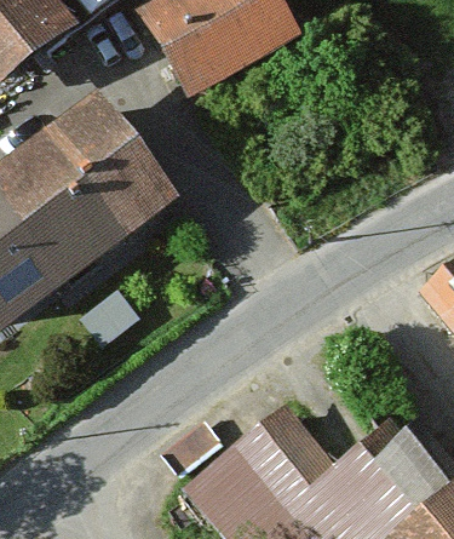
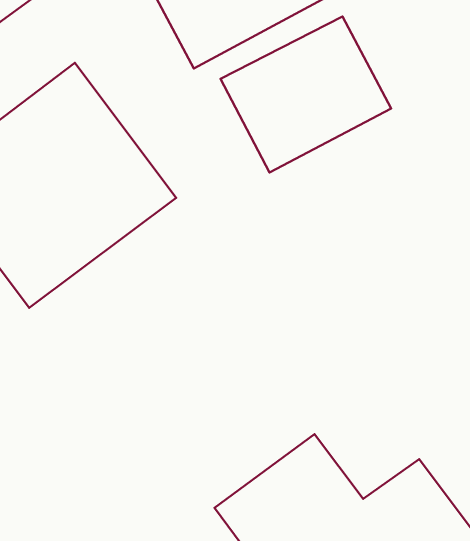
building: none -> [220,16,391,172]

